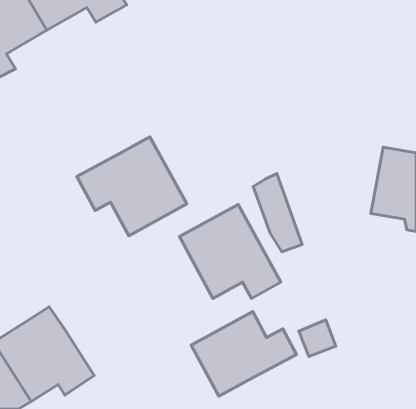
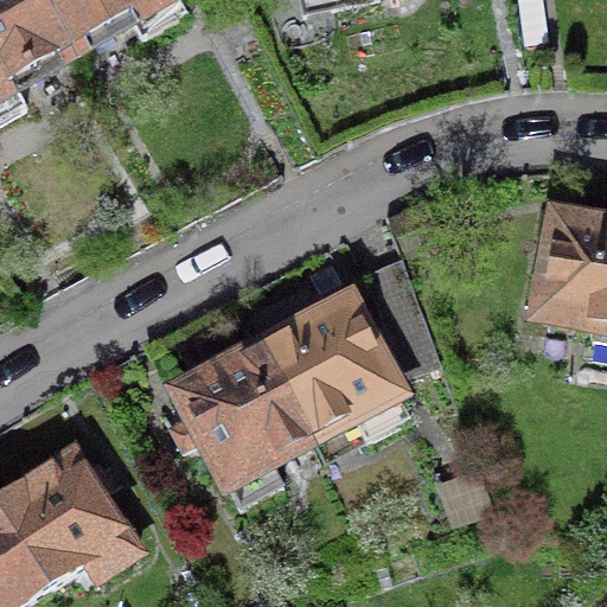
building: [77,137,187,236] -> none
building: none -> [170,343,308,500]
building: [191,312,296,396] -> none

